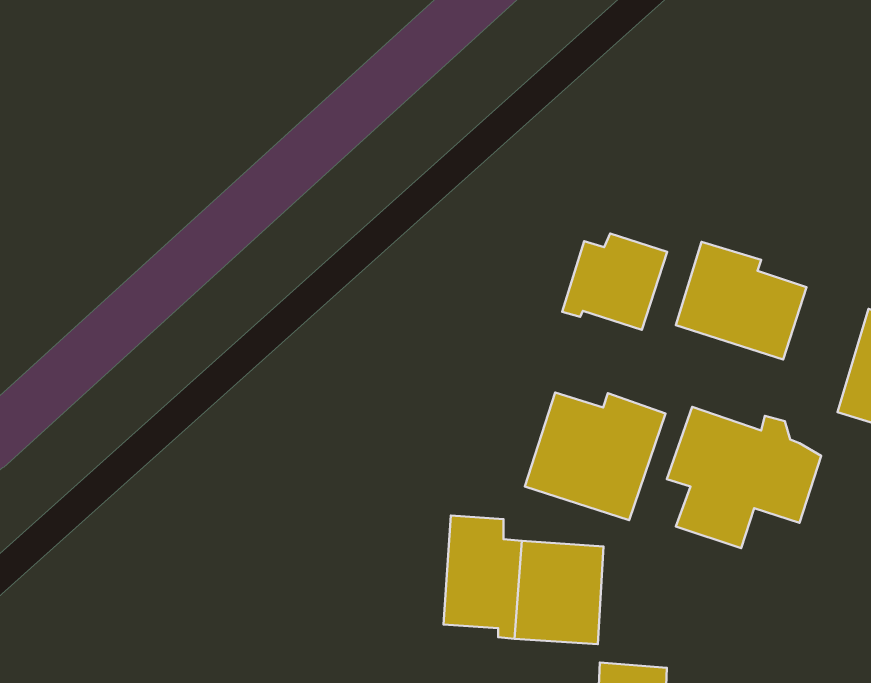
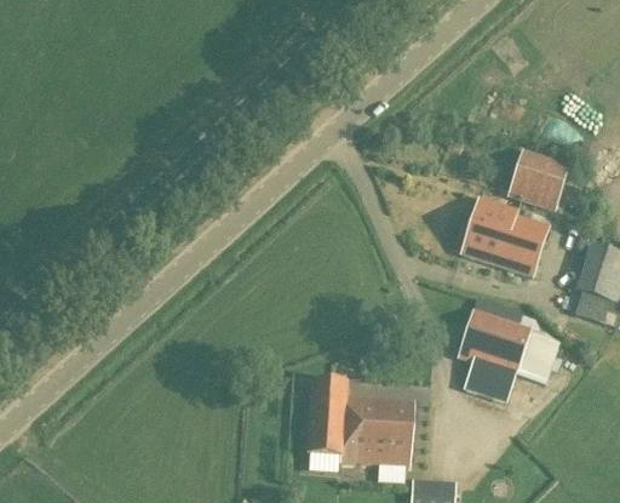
building: none -> [506,148,569,211]
building: [562,233,667,330] -> none
building: [525,392,665,520] -> none

